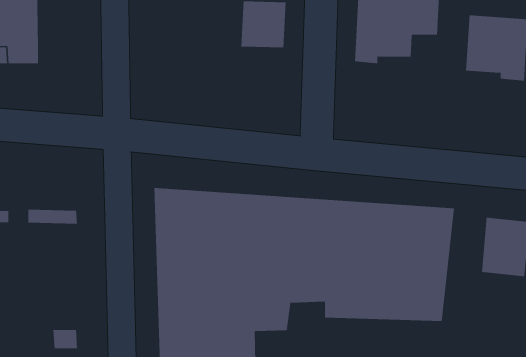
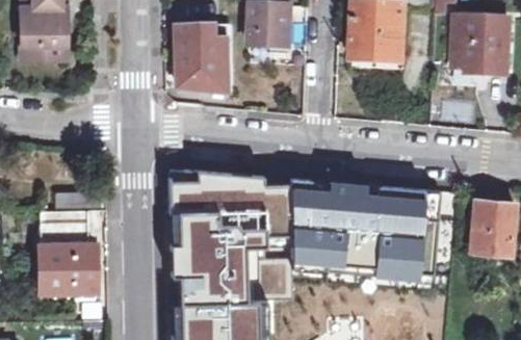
building: none -> [180,25,230,93]
building: none -> [37,210,94,291]

